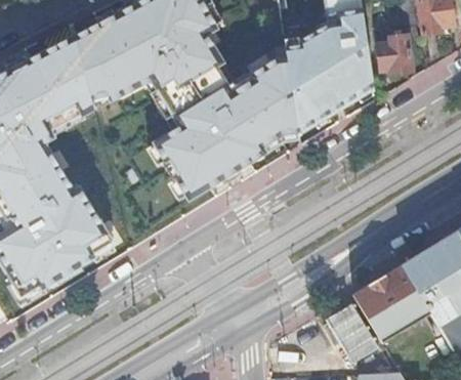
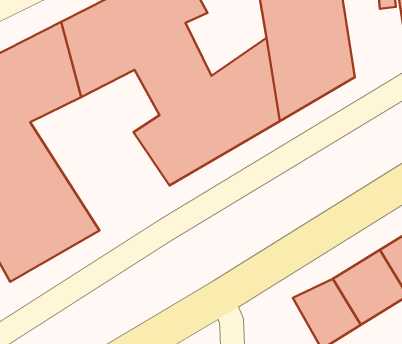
building: [379,34,414,74] -> none

